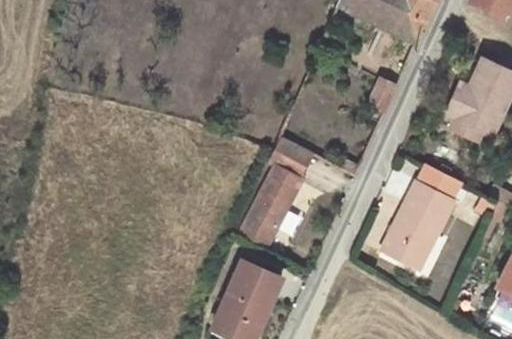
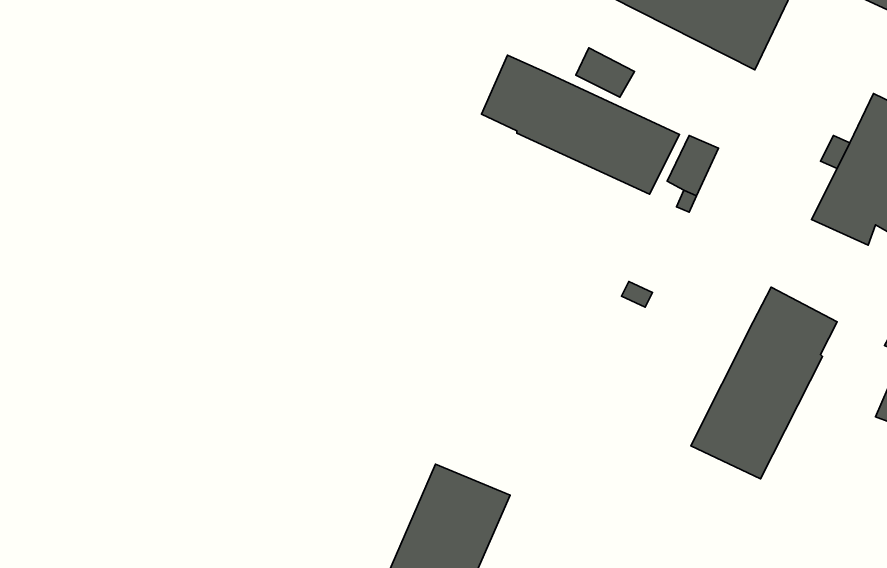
building: none -> [482,55,679,194]
building: [243,134,317,246] -> none

